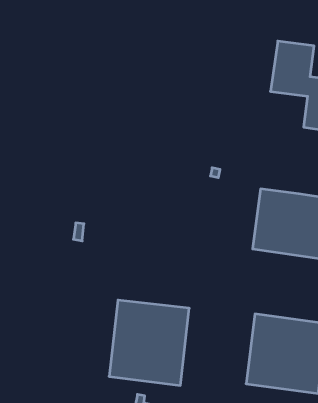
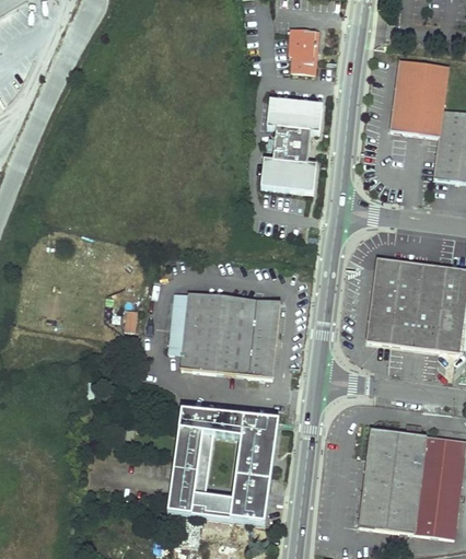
building: none -> [291,26,325,68]
building: none -> [263,98,324,190]
building: none -> [173,291,282,377]

